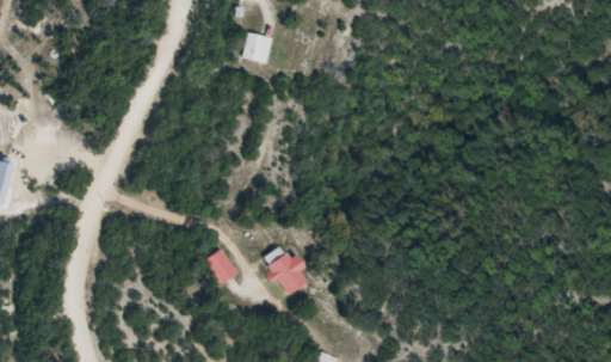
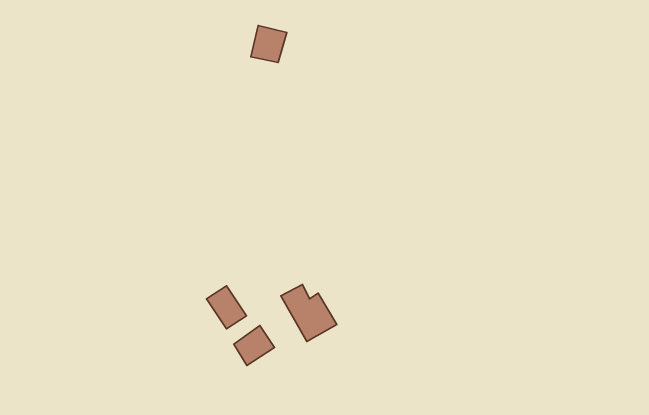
building: none -> [234,326,275,365]

